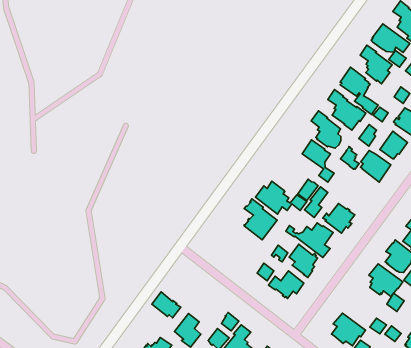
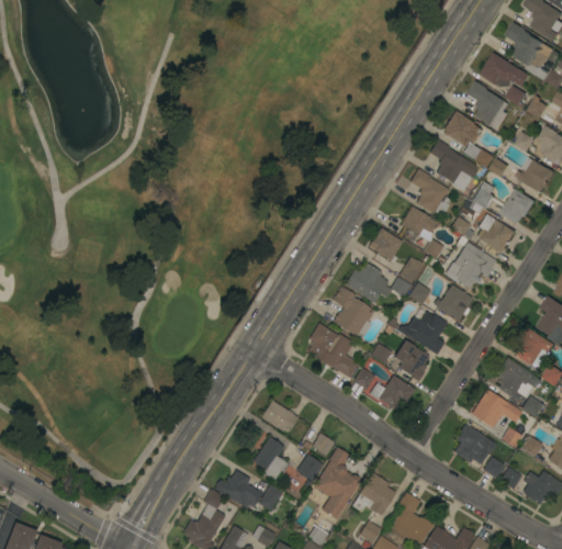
building: none -> [369,227,402,261]
building: none -> [446,242,496,288]
building: none -> [307,323,359,378]
building: none -> [471,390,521,427]
building: [152,292,181,318] -> [261,400,299,432]

